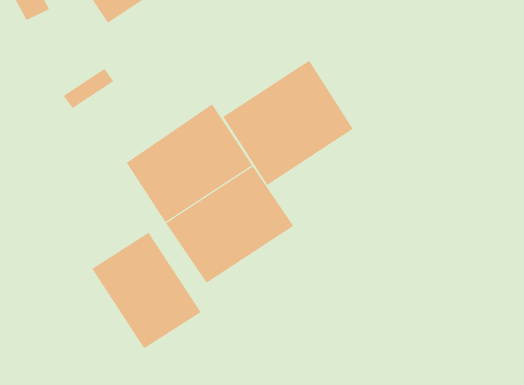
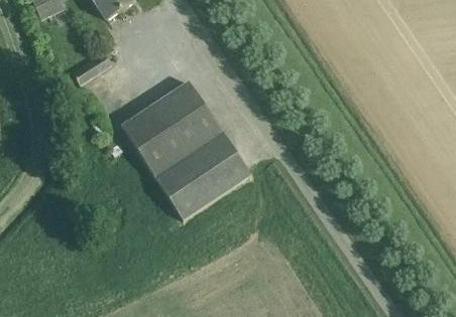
building: [223,60,354,186] -> none
building: [91,232,201,349] -> none

